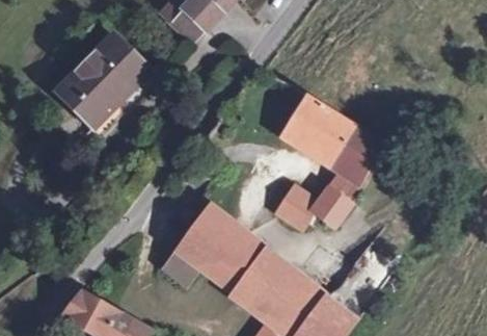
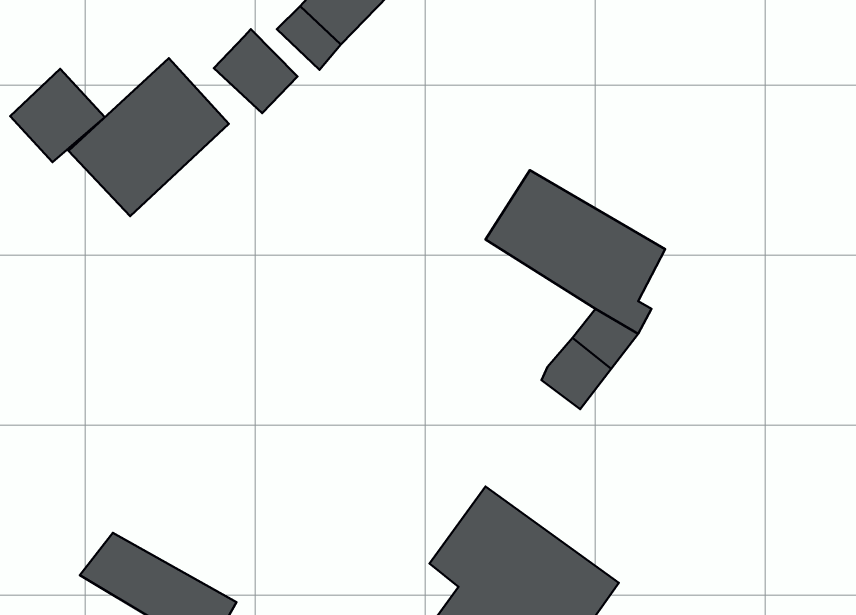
building: none -> [214,29,298,113]
building: none -> [10,69,105,162]
building: [276,186,315,227] -> none
building: [162,209,281,308] -> none

